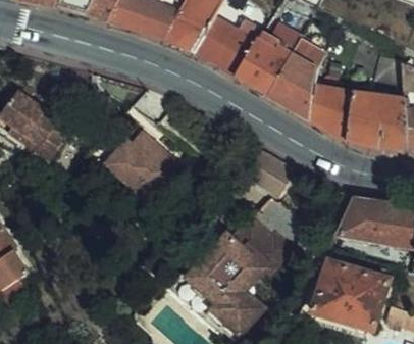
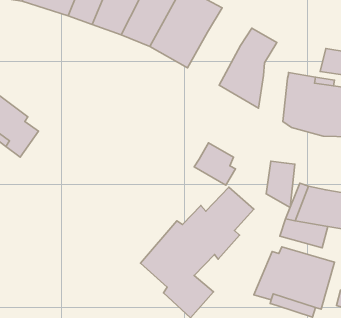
building: [234,35,290,91] -> none
building: [309,81,340,130] -> [266,161,295,207]
building: [101,132,177,206] -> none

